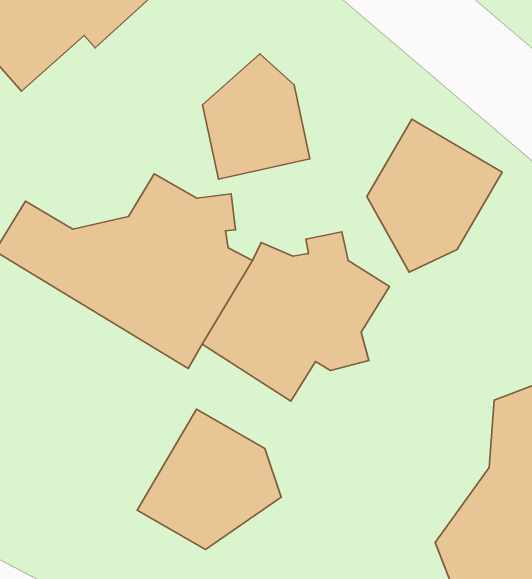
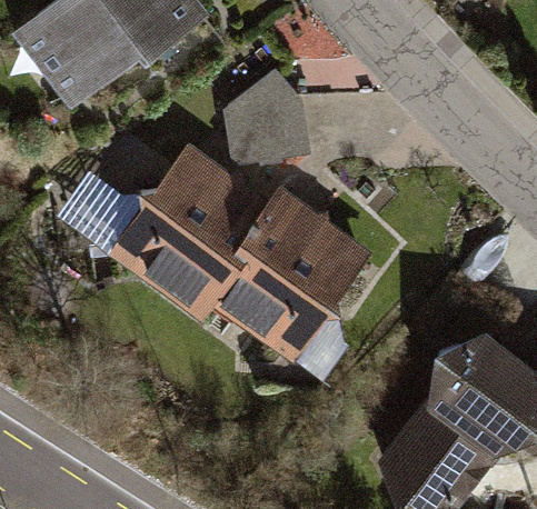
building: [367,119,502,272] -> none
building: [137,409,281,550] -> none

